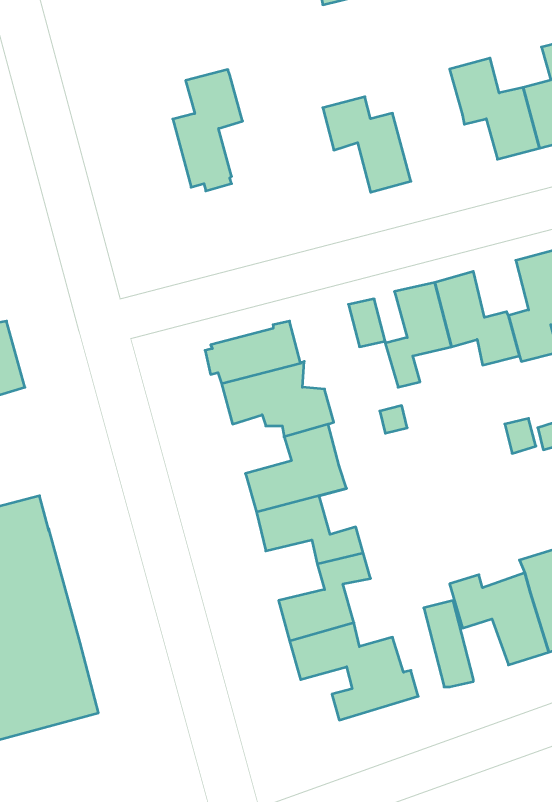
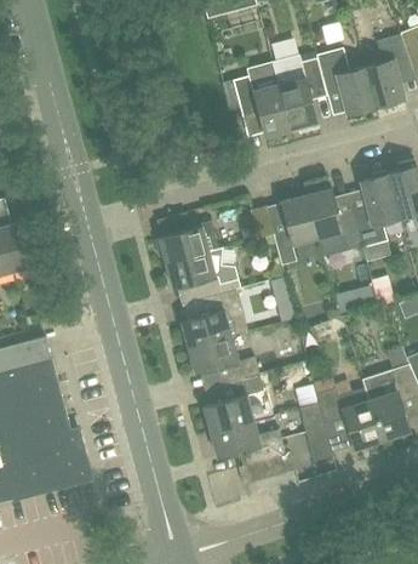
building: [173,70,243,191] -> [279,52,325,132]

